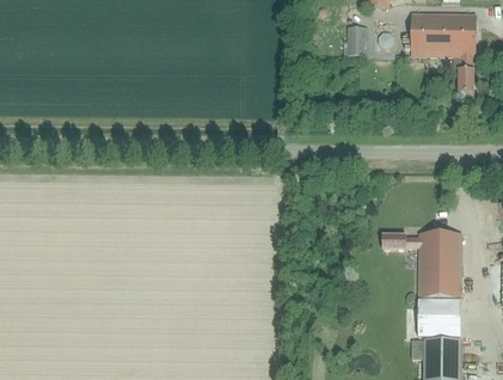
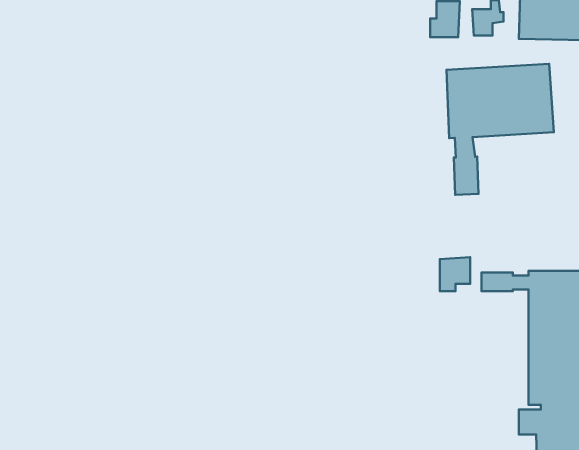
building: none -> [446,64,554,195]
building: none -> [440,257,470,291]

